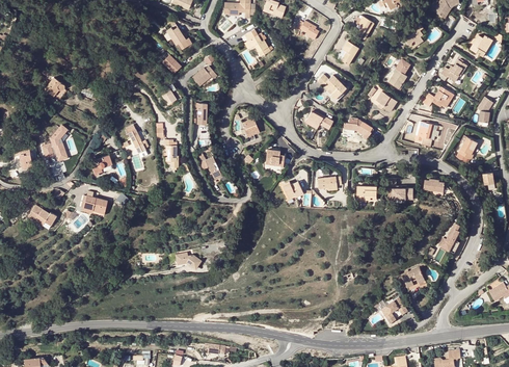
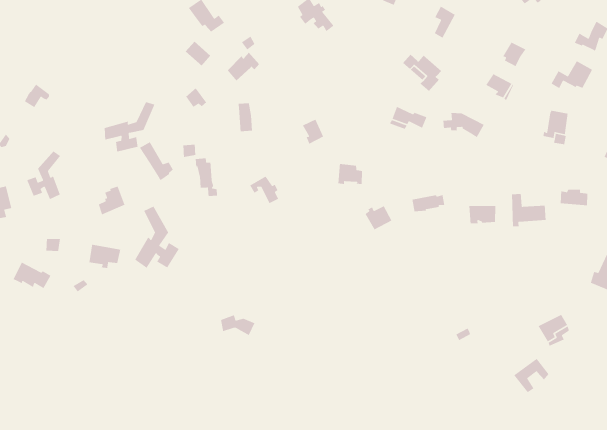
building: none -> [104,101,155,152]
building: none -> [134,205,180,269]

